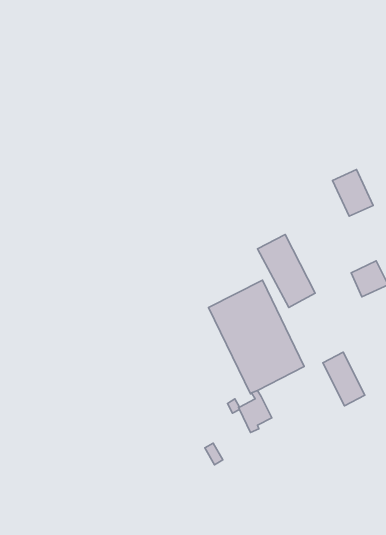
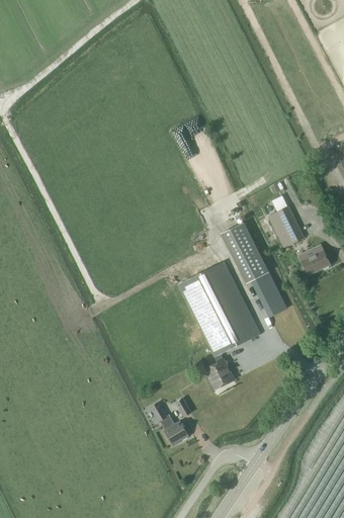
building: [332,170,373,216] -> [268,207,303,247]
building: [323,352,365,406] -> [251,272,286,318]
building: none -> [150,403,187,445]

